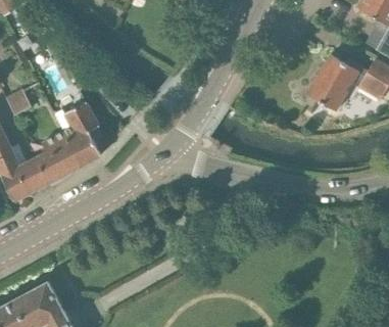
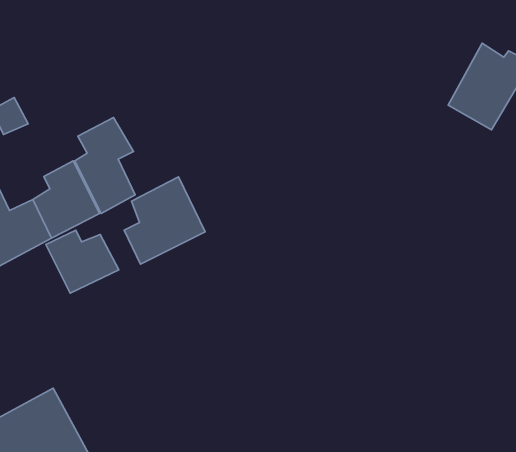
building: none -> [124,177,205,264]
building: none -> [46,230,119,293]

